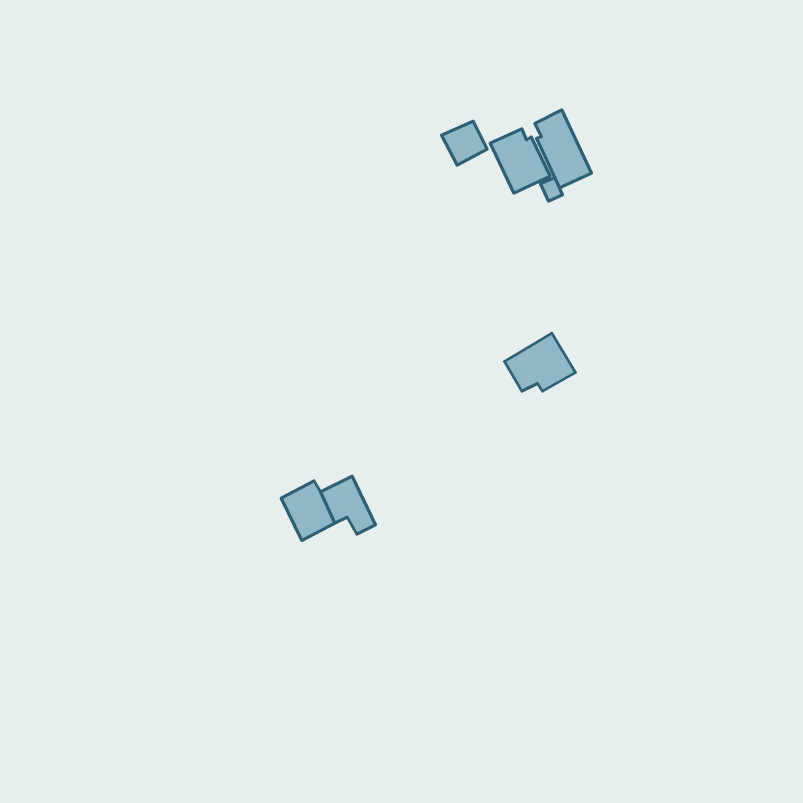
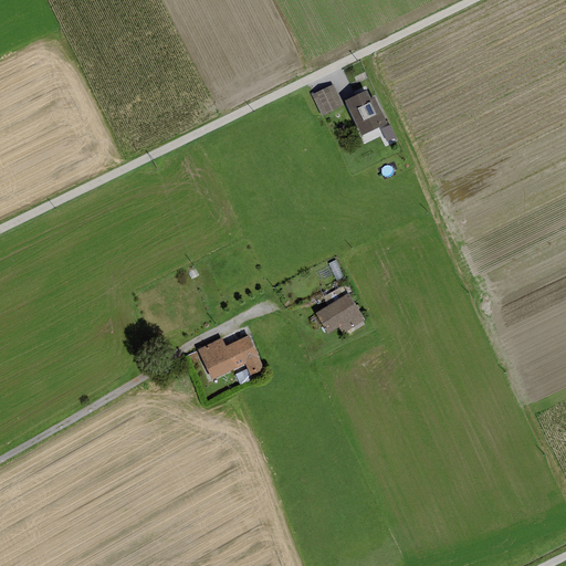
building: [535,110,592,188] -> none
building: [505,333,575,391] -> [315,293,365,334]

